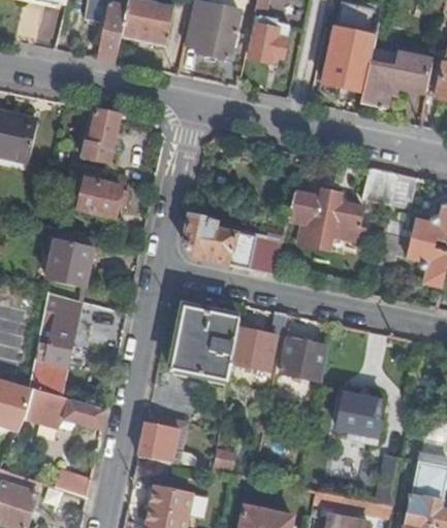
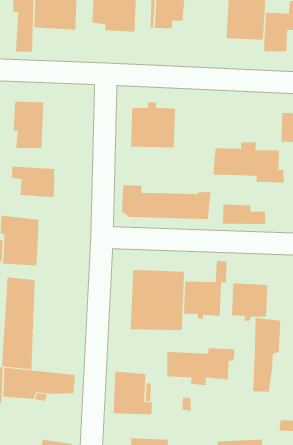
building: none -> [130,101,176,148]
building: [297,225,346,254] -> [222,204,266,224]
building: none -> [253,317,281,392]
building: none -> [167,348,235,386]

